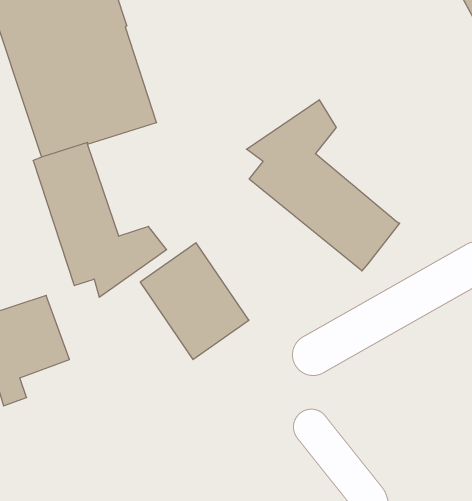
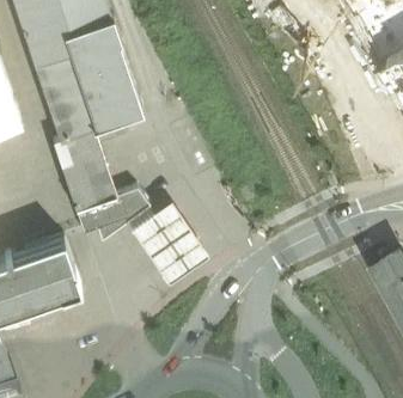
building: [246,100,400,271] -> none

